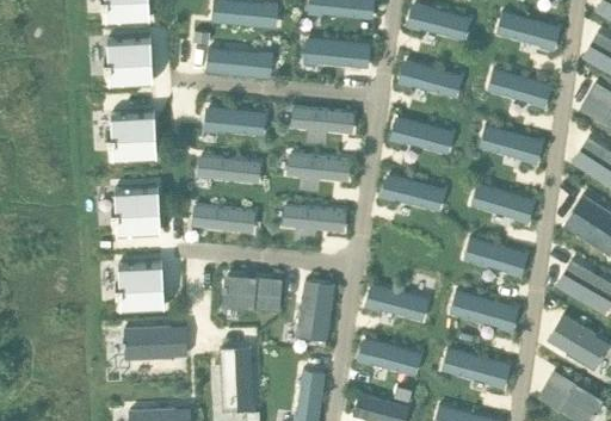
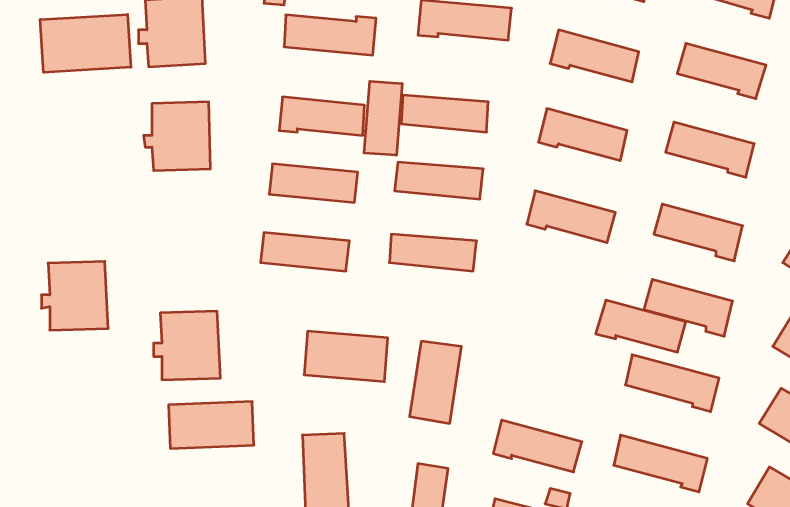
building: none -> [40,14,131,72]
building: none -> [364,81,402,155]
building: [111,190,159,239] -> [41,261,108,330]
building: [364,284,428,321] -> [596,300,686,352]

